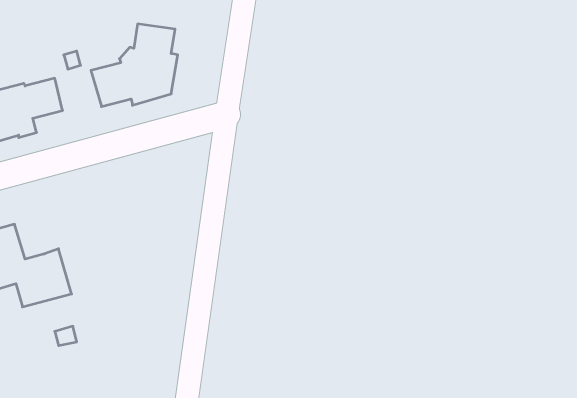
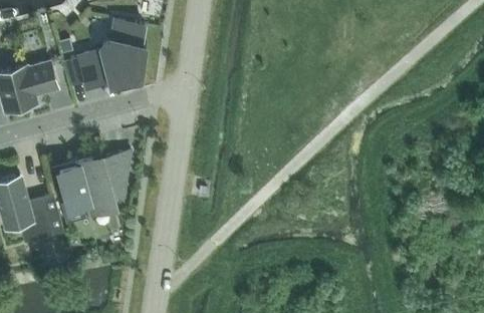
building: none -> [53,151,131,213]

